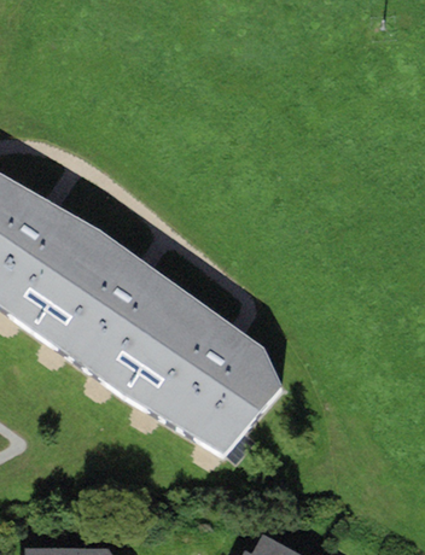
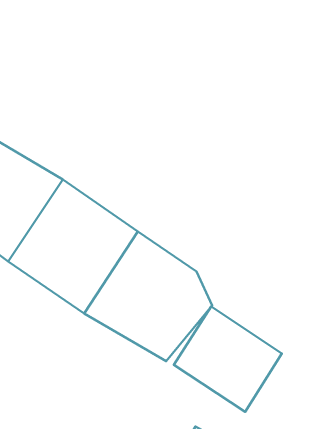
building: none -> [174,307,282,412]

